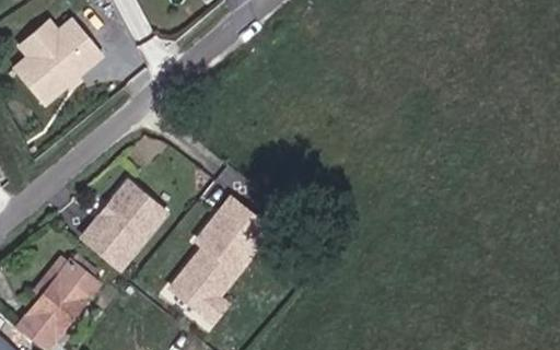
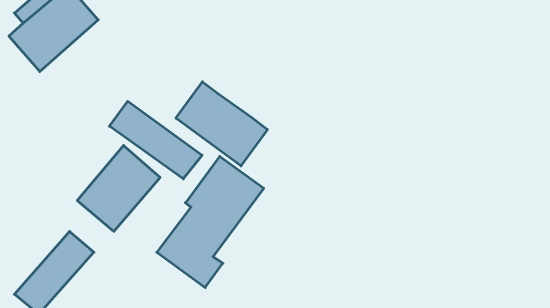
building: none -> [176,82,267,166]
building: none -> [109,101,202,179]

